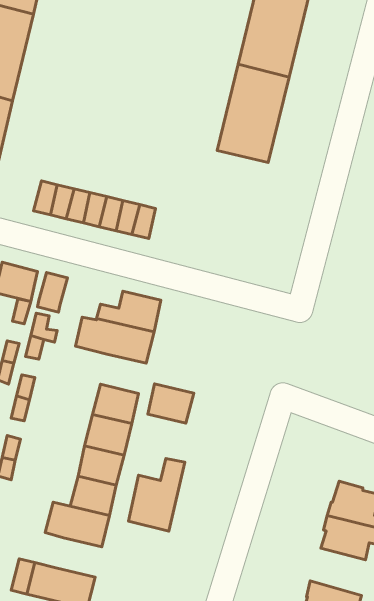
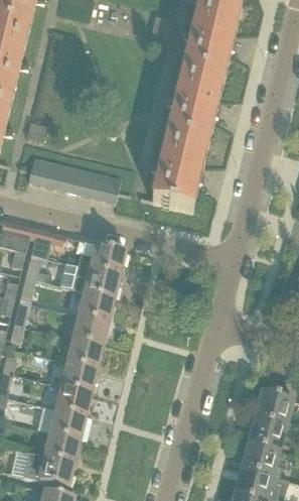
building: none -> [151,133,207,210]
building: [148,384,194,423] -> [79,289,114,320]
building: [128,459,185,531] -> none
building: none -> [44,430,80,461]
building: none -> [240,439,282,475]

